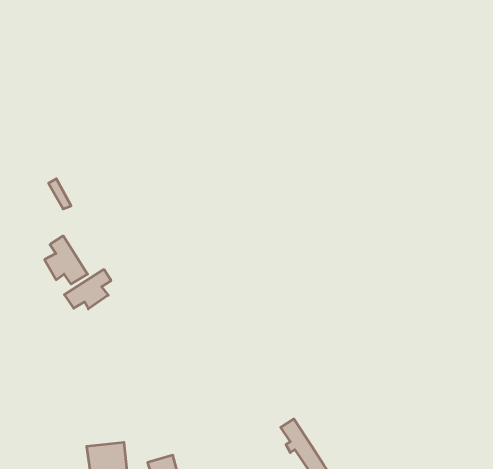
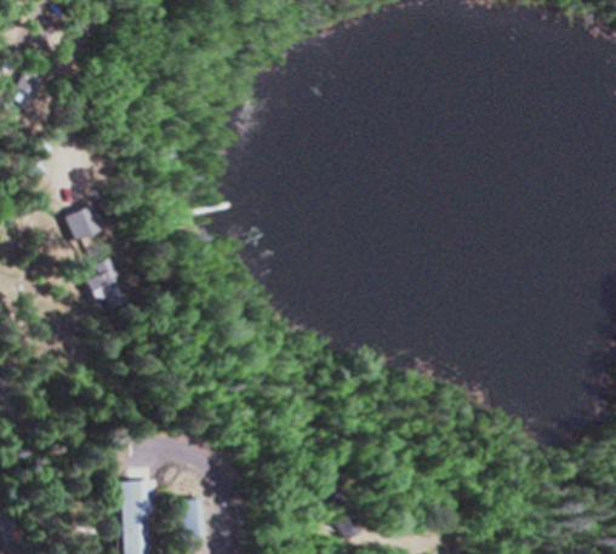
building: none -> [69,207,109,246]
building: [64,270,111,309] -> none

